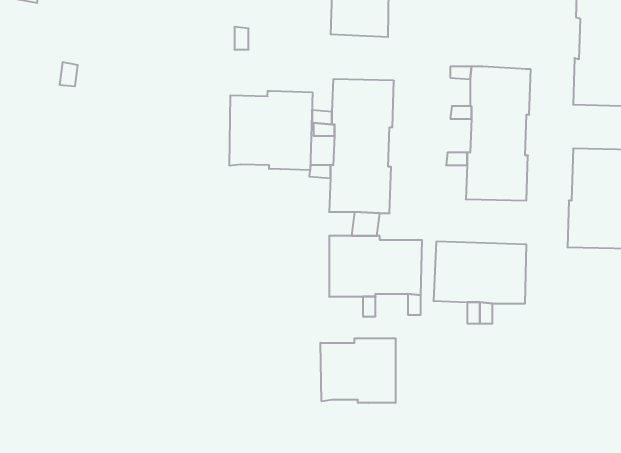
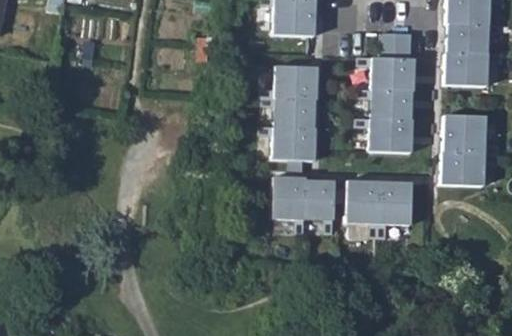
building: none -> [381,31,412,58]
building: [229,91,312,170] -> none
building: [320,338,396,403] -> none

